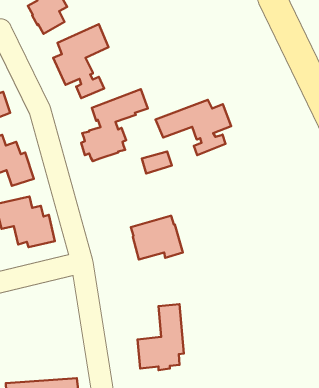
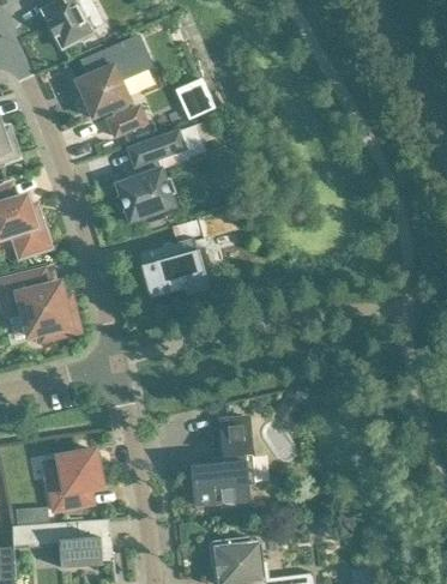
building: none -> [176,79,215,118]
building: [156,100,231,155] -> none
building: [131,216,183,260] -> [138,237,209,297]
building: none -> [47,447,102,510]

